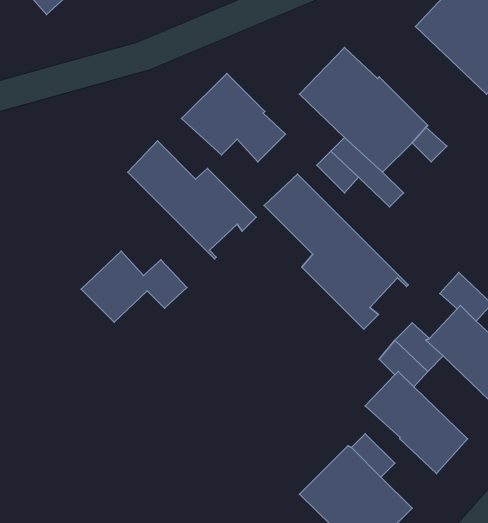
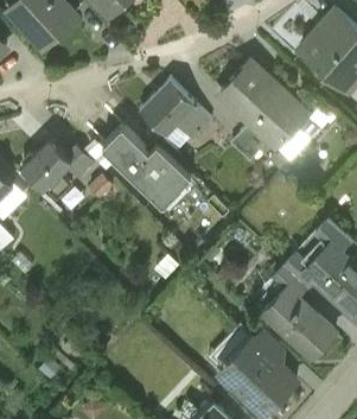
building: [264,174,408,329] -> none
building: [81,251,187,322] -> [21,142,94,191]

